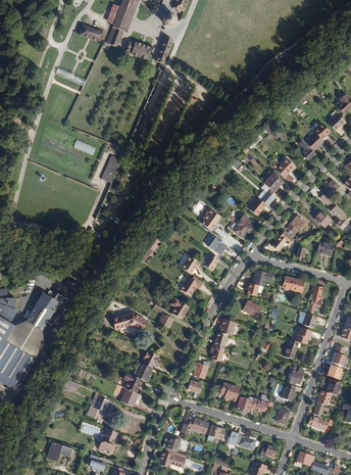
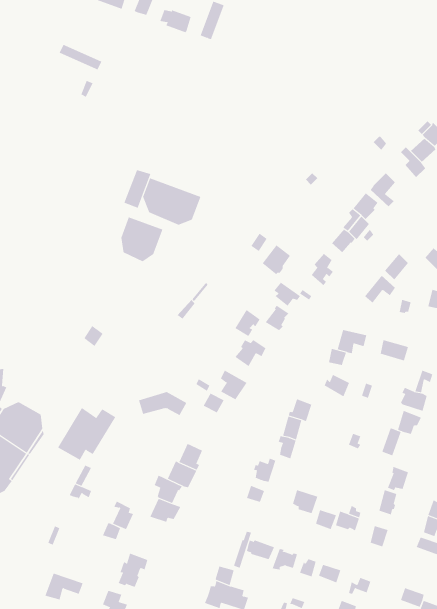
building: none -> [142,177,201,225]
building: none -> [121,217,163,262]
building: [27,291,68,329] -> [57,407,116,460]

